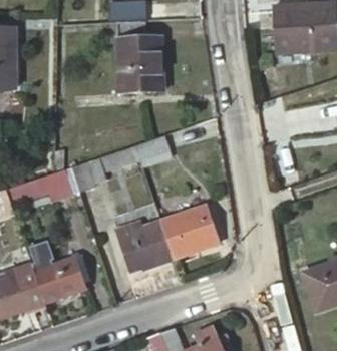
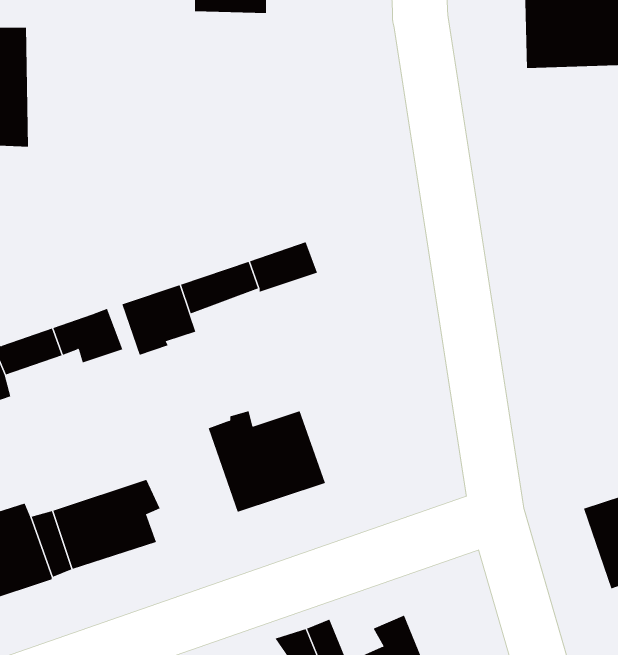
building: [120,20,163,93] -> none
building: [160,205,218,258] -> none

